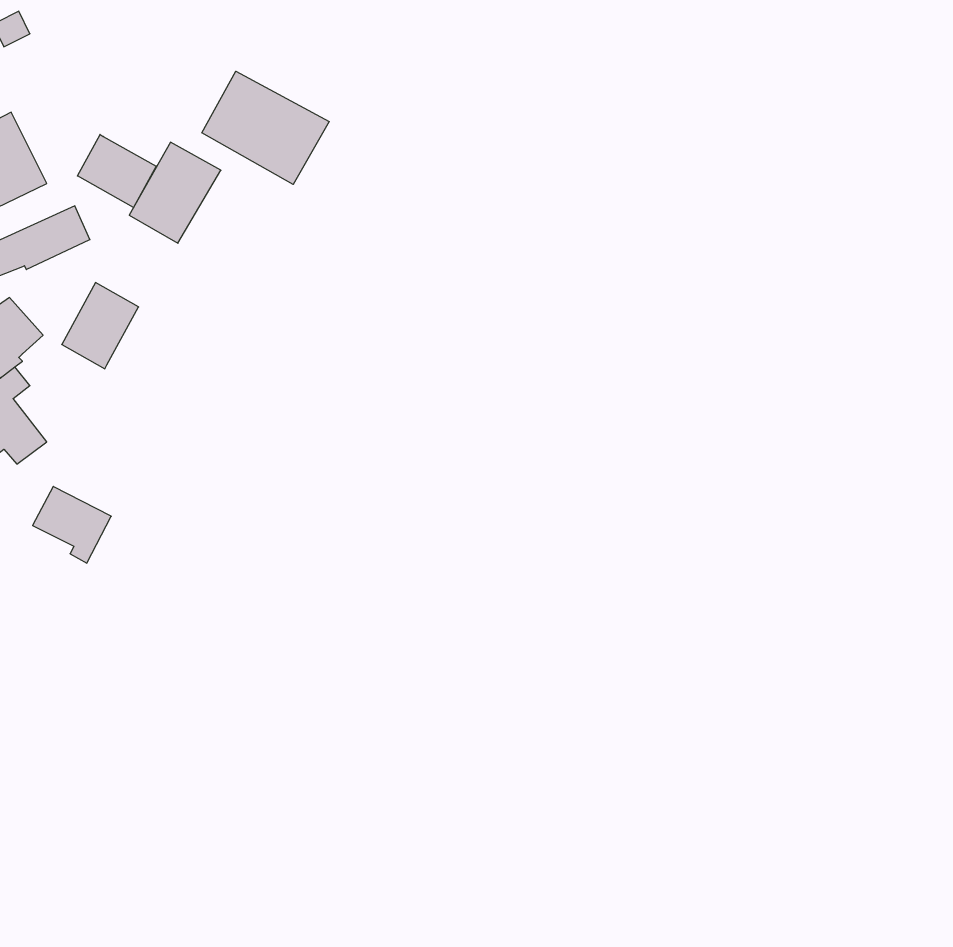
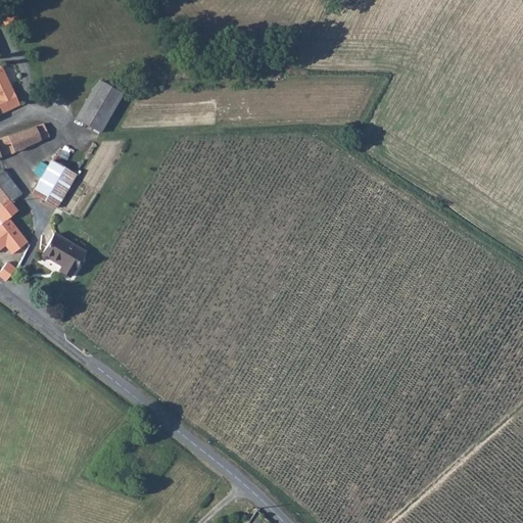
building: [202,71,329,184] -> none
building: [77,134,156,208] -> none
building: [33,486,111,563] -> [41,231,84,273]

